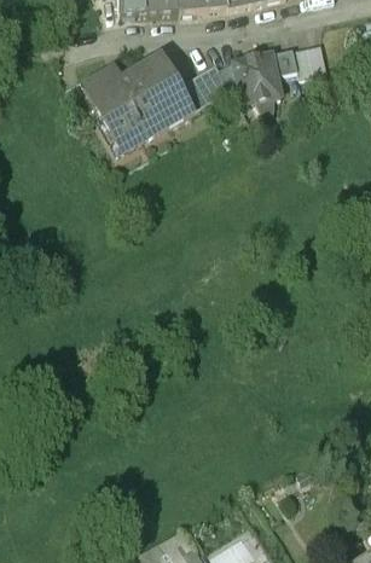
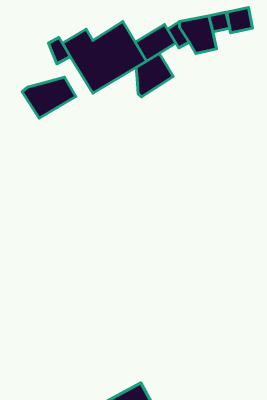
building: none -> [136,54,173,97]
building: none -> [22,77,76,118]

